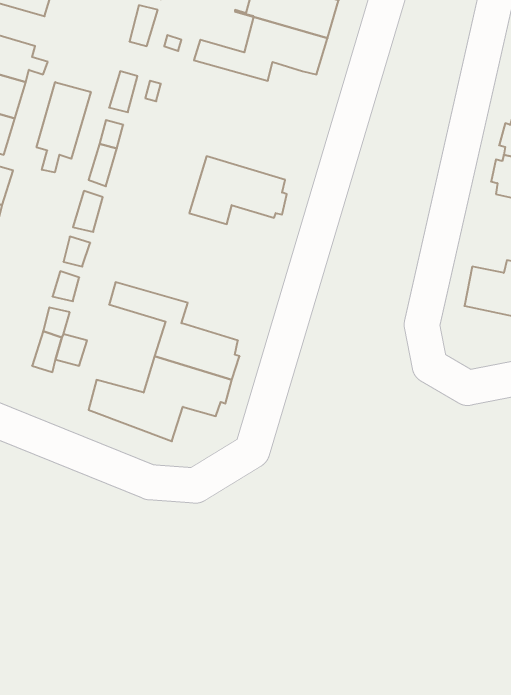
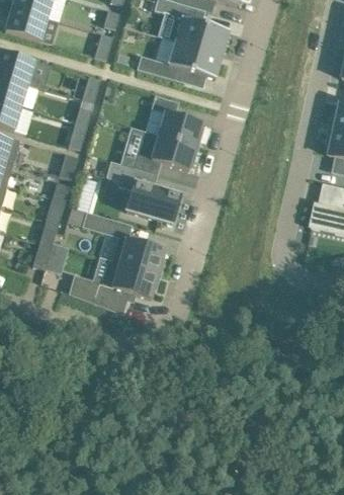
building: [37,82,91,172] -> none
building: none -> [144,95,203,146]
building: none -> [105,160,180,224]

